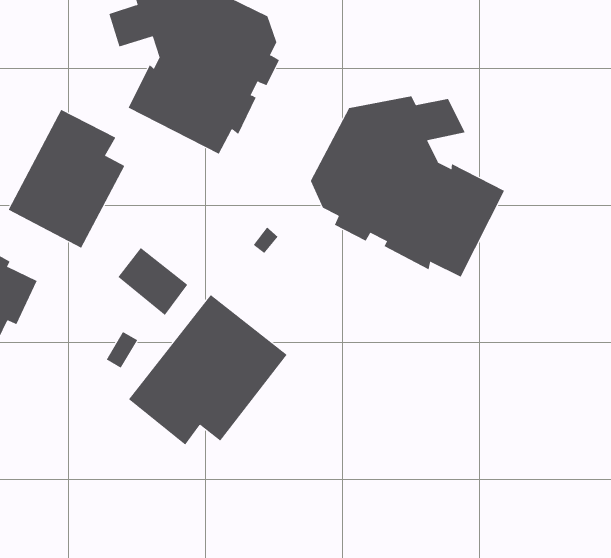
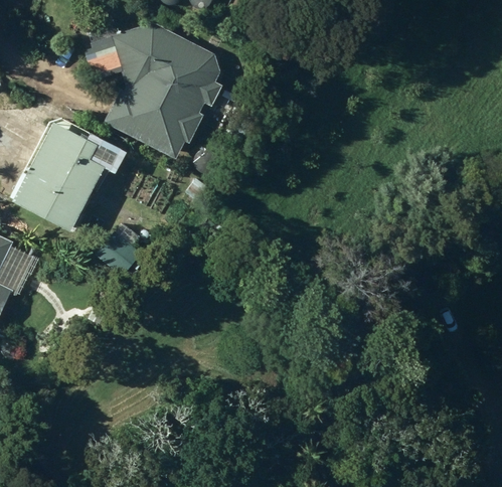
building: [310,95,505,277] -> none
building: [128,294,288,445] -> none

